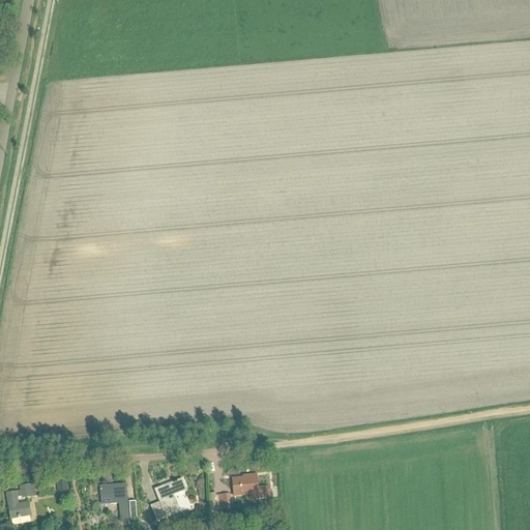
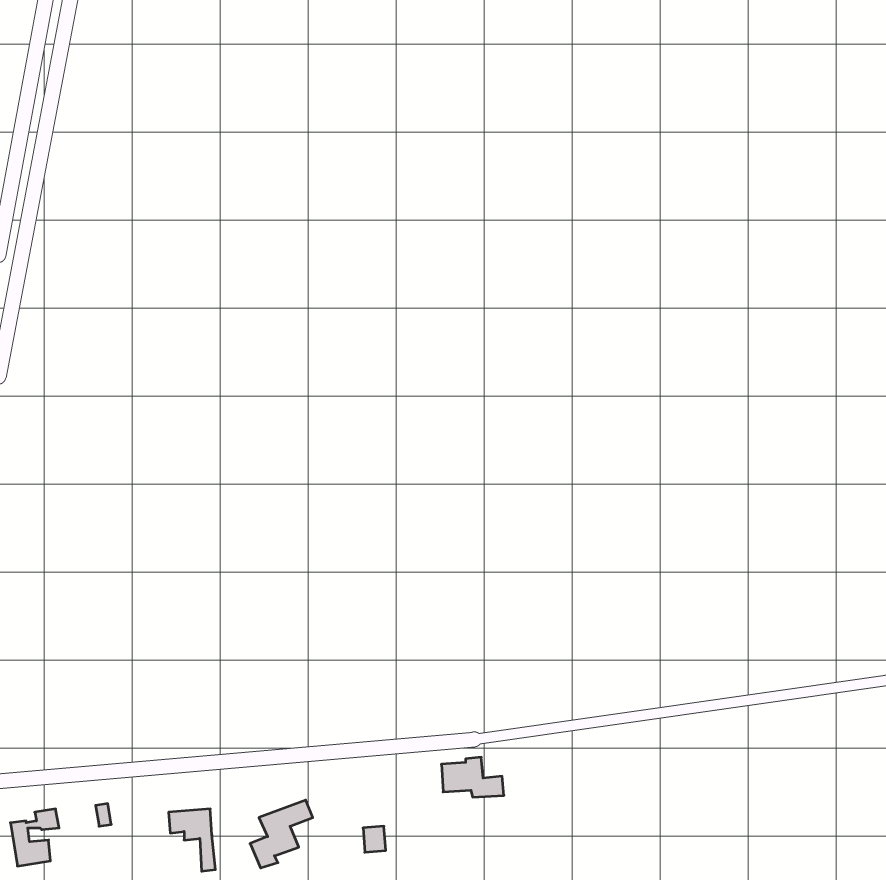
building: [232,472,269,496] -> [441,757,504,797]

